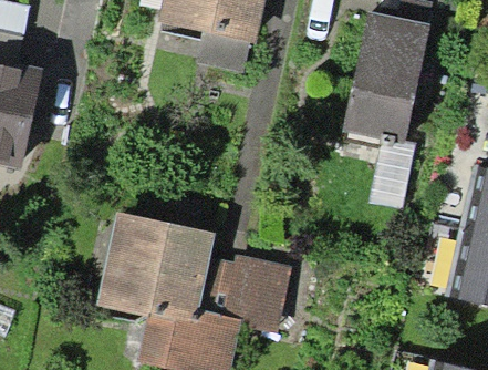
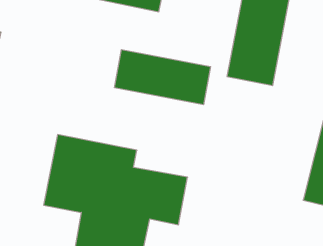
building: none -> [115,50,211,105]

